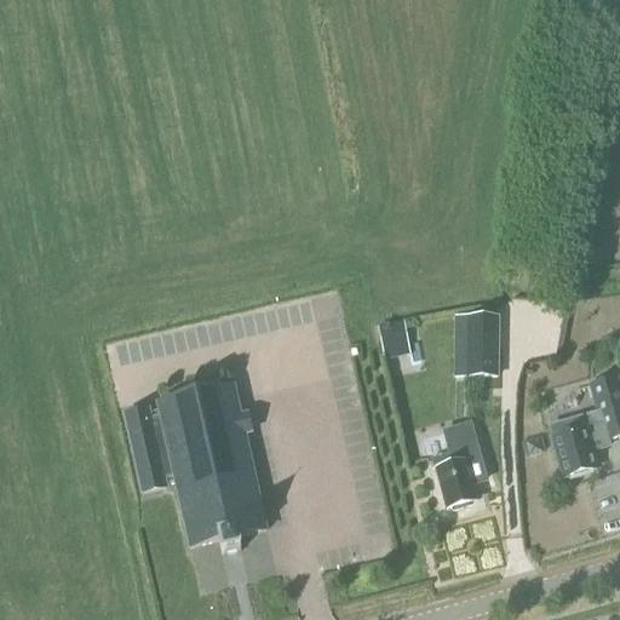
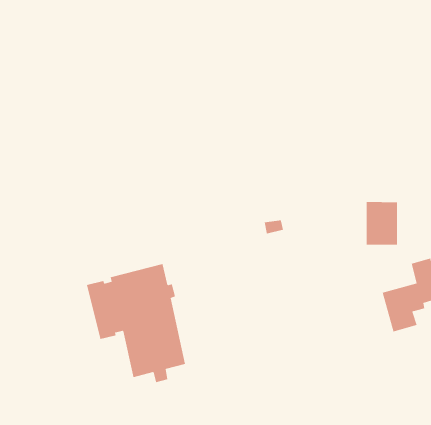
building: [454,310,500,373] -> [366,201,398,245]
building: [431,418,488,510] -> none

